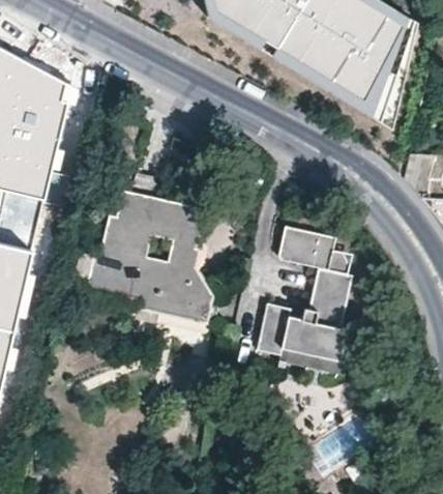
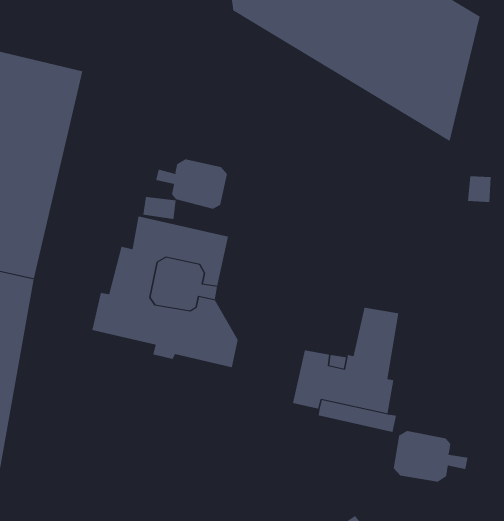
building: none -> [155,159,227,209]
building: [276,225,351,273] -> none
building: none -> [393,430,468,482]

